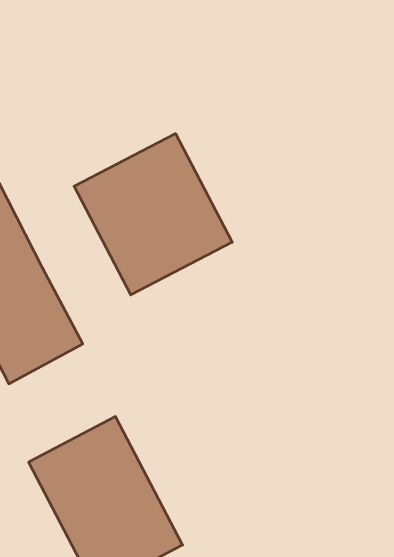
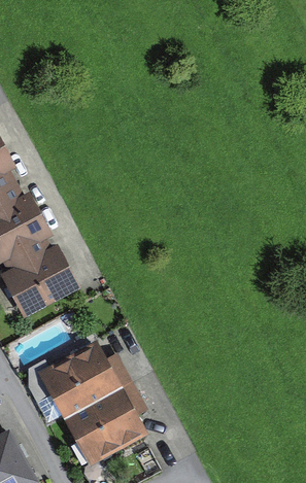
building: [74,134,232,295] -> none

